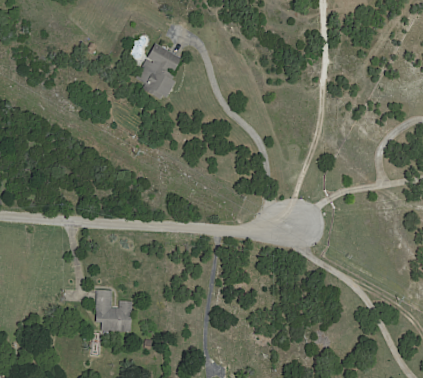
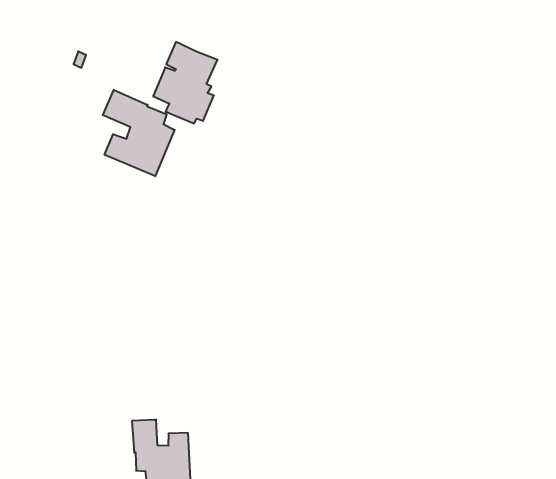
building: none -> [103,90,175,176]

